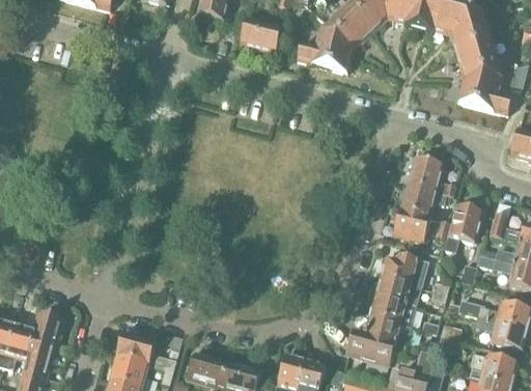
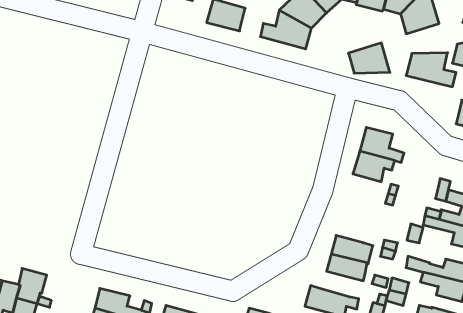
building: [457,44,503,77] -> [348,43,390,73]
building: [444,205,482,252] -> none
building: [392,208,429,242] -> none
building: [381,254,426,284] -> none
building: [363,315,411,345] -> none

